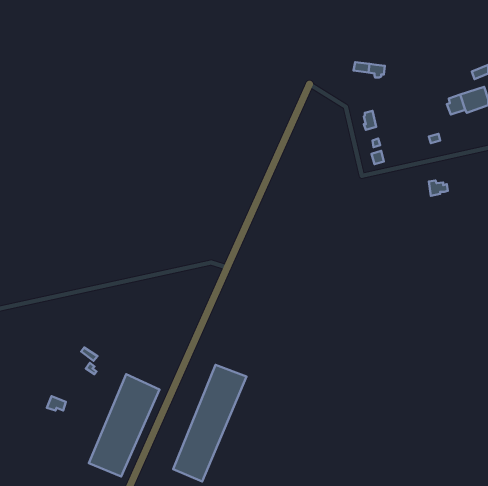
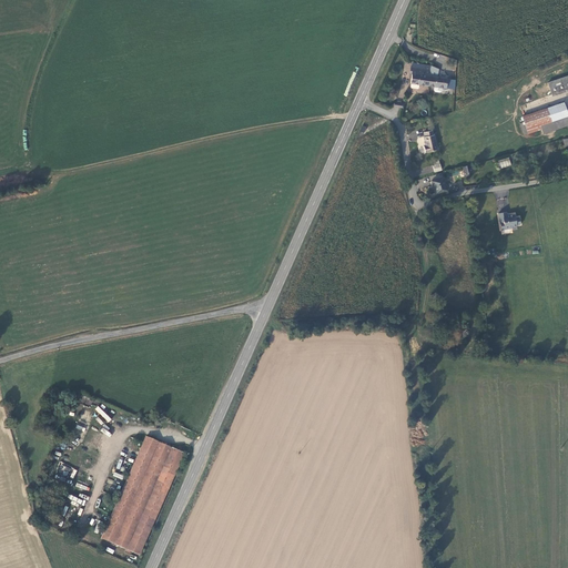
building: [173,365,246,482] -> none

